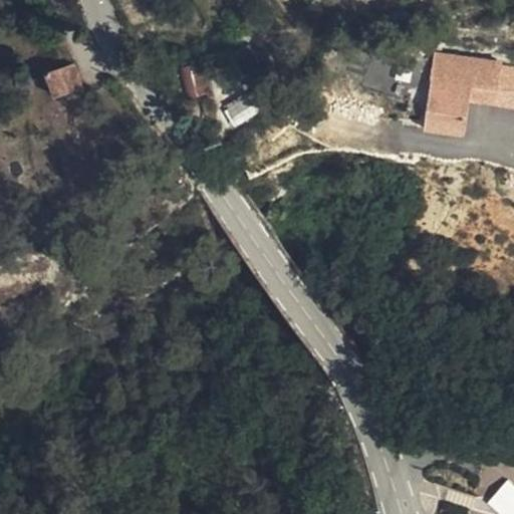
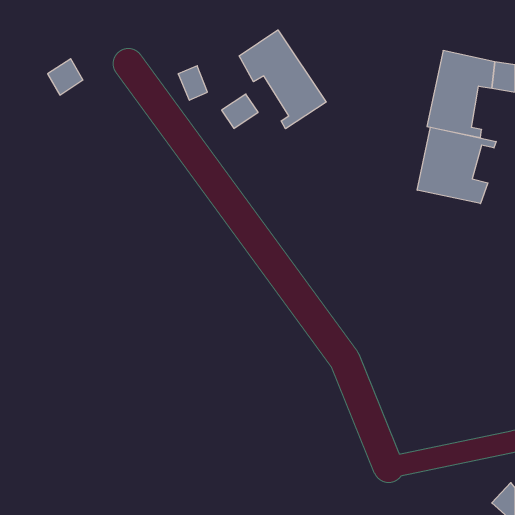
building: none -> [239,30,326,129]
building: none -> [417,127,496,204]

